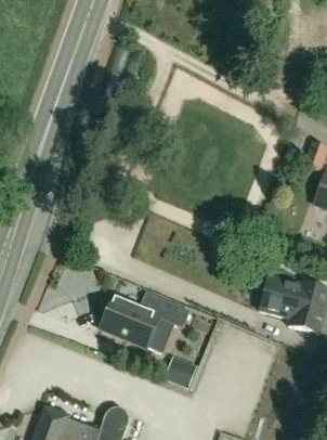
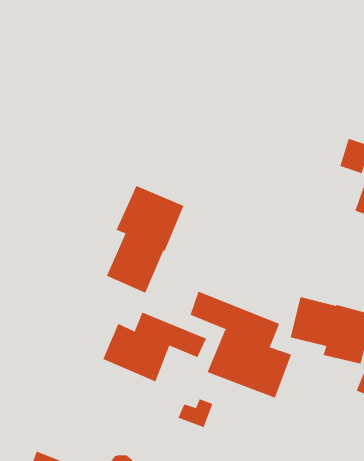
building: none -> [106,185,184,293]
building: none -> [190,291,292,399]

